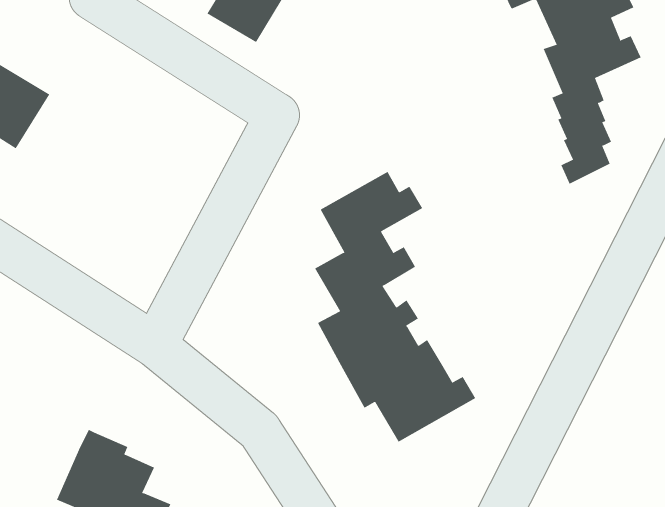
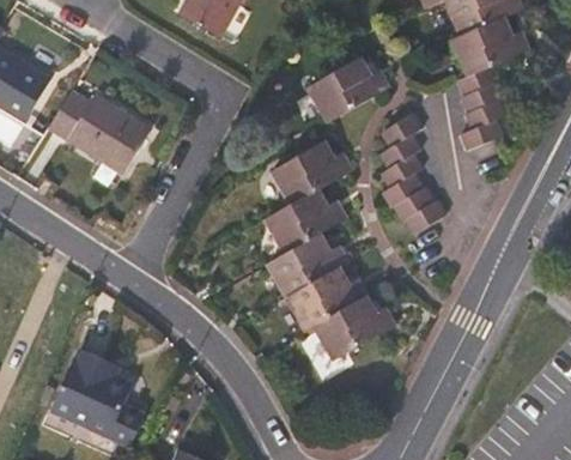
building: none -> [306,58,388,122]
building: none -> [47,91,148,171]
building: none -> [377,114,445,234]

